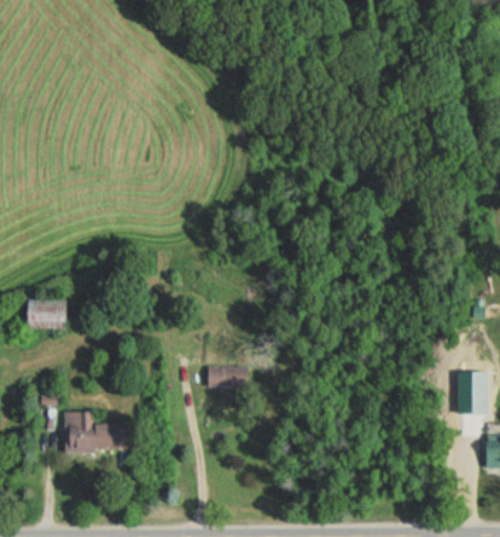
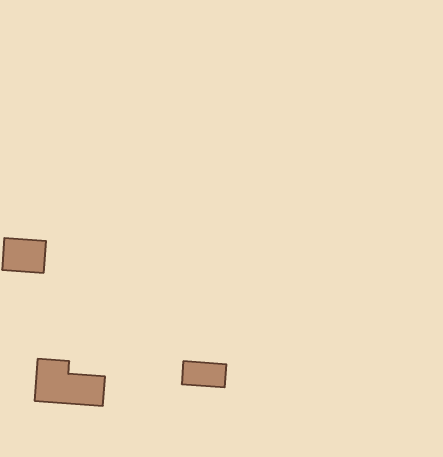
building: [208,366,249,387] -> [182,361,226,387]

